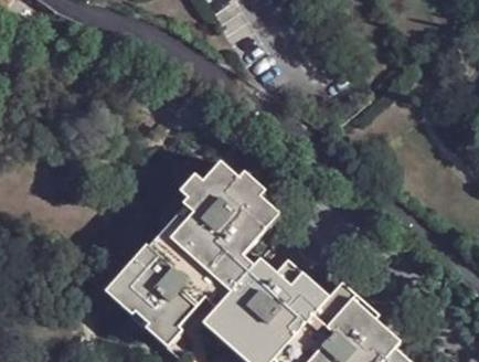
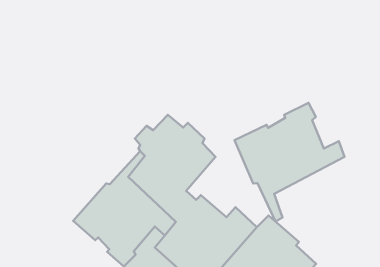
building: none -> [235,103,344,221]

